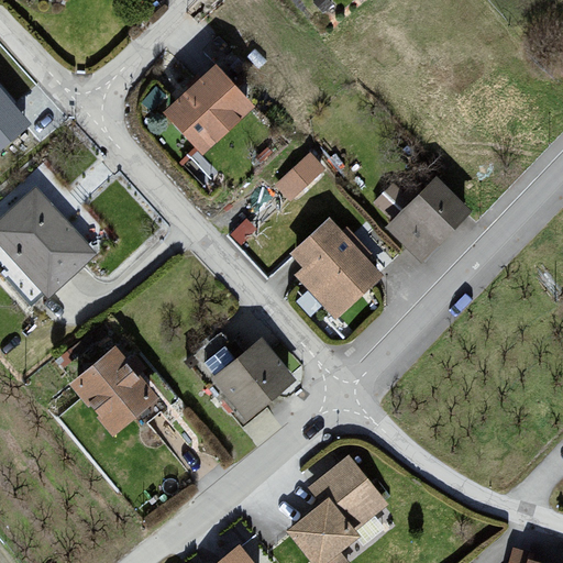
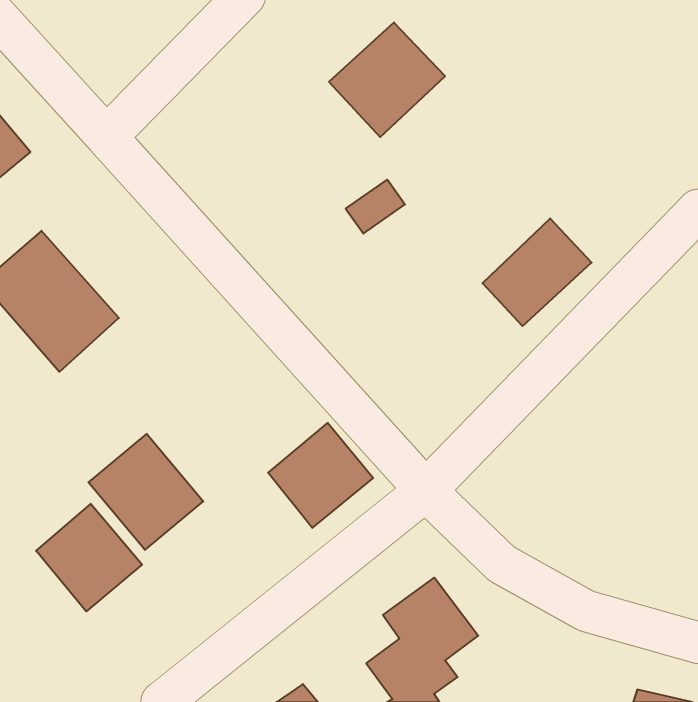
building: [166,62,258,153] -> [329,22,445,137]
building: [288,229,379,320] -> none
building: none -> [36,504,142,611]

